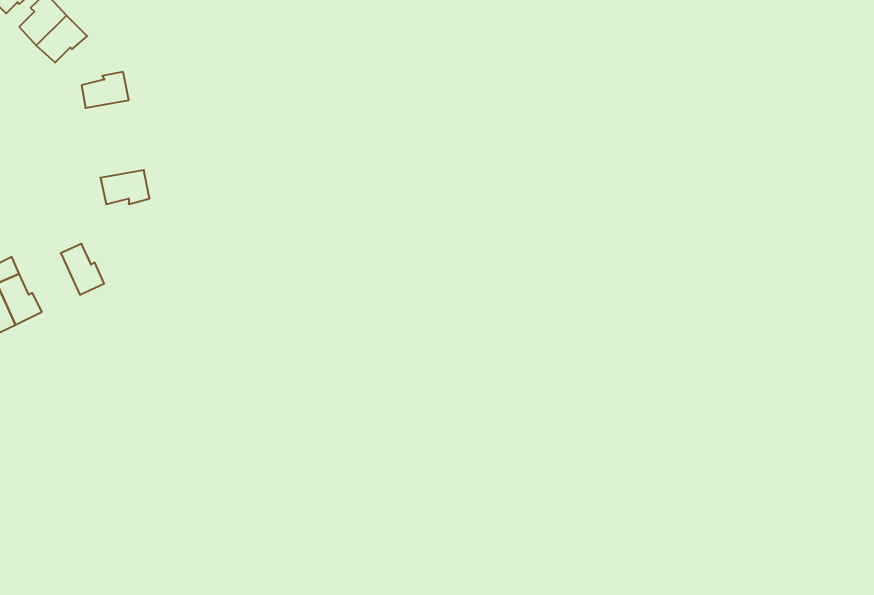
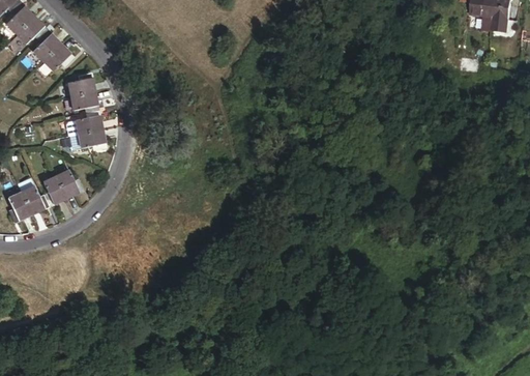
building: none -> [70,91,97,110]
building: none -> [67,113,102,136]
building: none -> [43,175,67,205]

